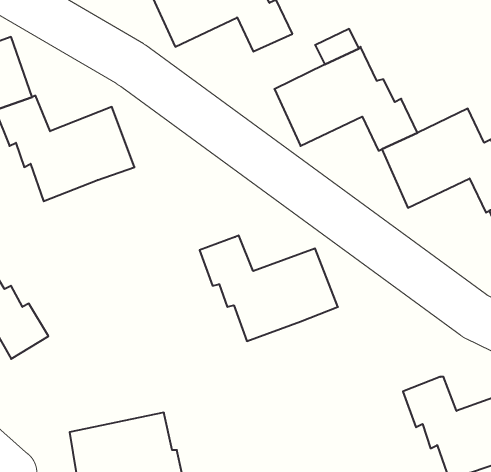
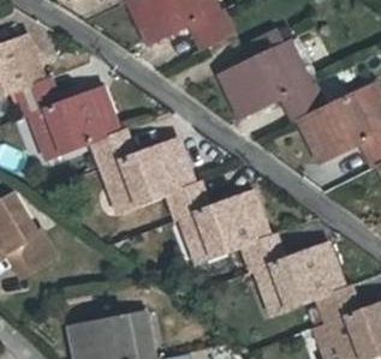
building: none -> [89,130,191,208]
building: none -> [239,233,343,311]

